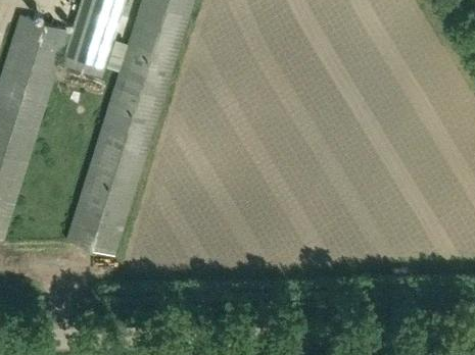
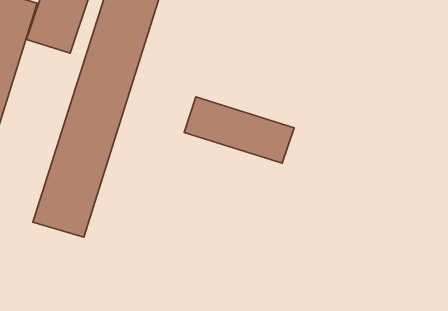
building: none -> [184,97,294,163]

